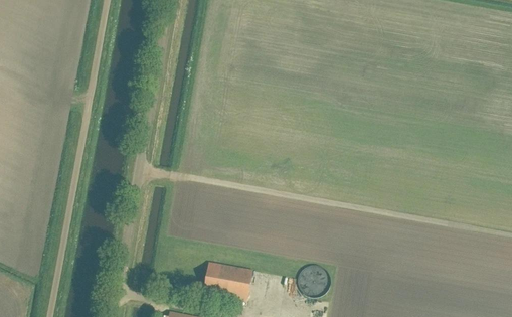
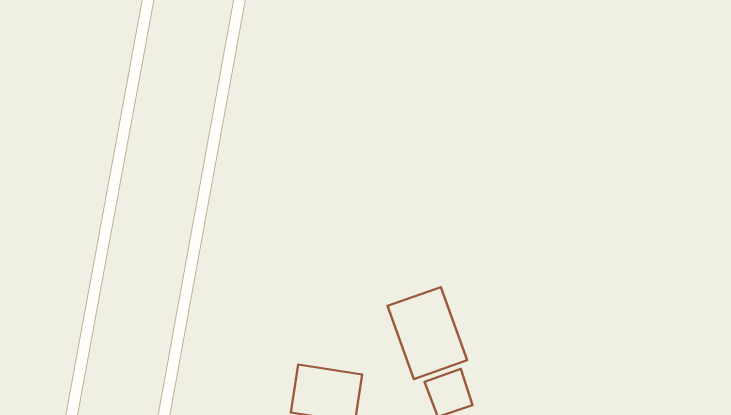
building: none -> [387,287,467,379]

